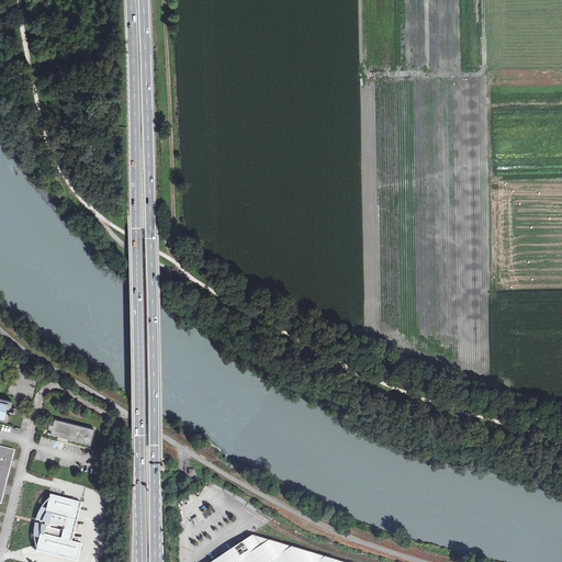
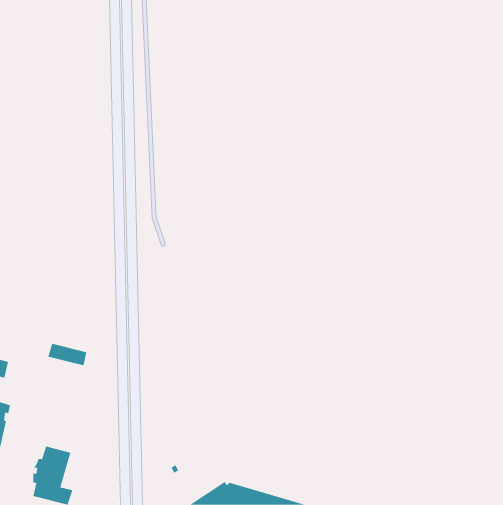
building: [48,419,92,445] -> [48,343,87,366]

